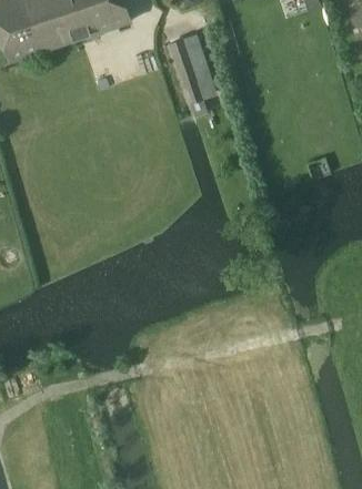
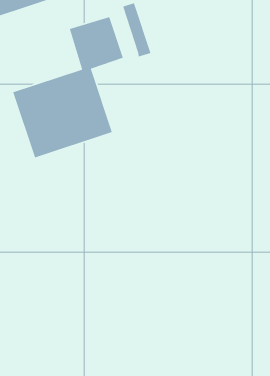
building: none -> [12,16,124,159]

